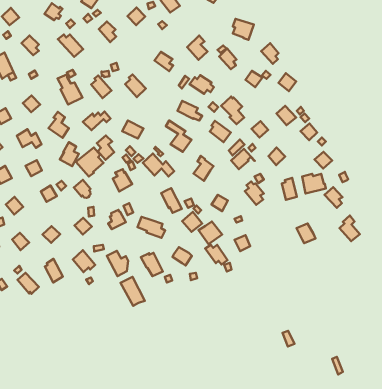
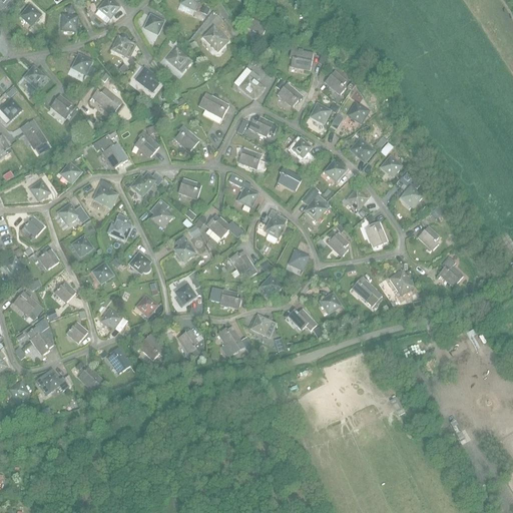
building: [76,148,103,177] -> none
building: [302,174,326,194] -> none
building: [199,221,222,244] -> none
building: none -> [350,277,381,306]
building: [120,277,145,306] -> none

